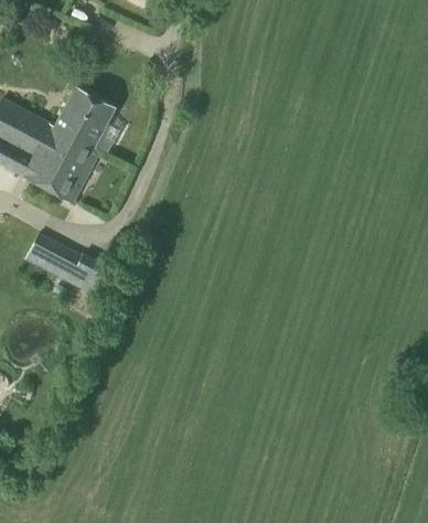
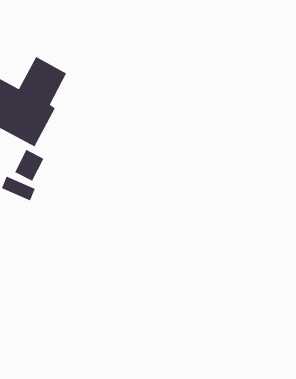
building: [67,253,106,295] -> [14,149,45,182]

